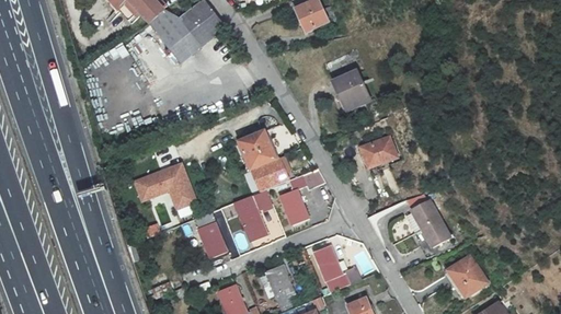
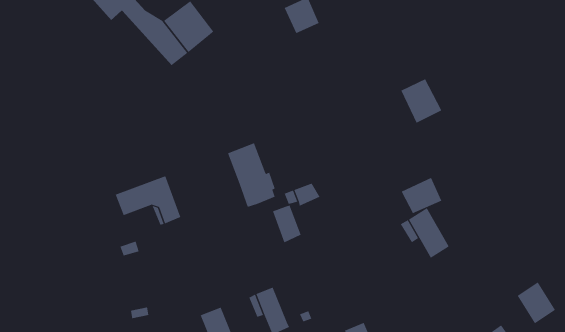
building: [334,67,373,108] -> [401,79,442,123]
building: [358,131,397,165] -> [401,177,442,214]
building: [236,189,274,242] -> none
building: [195,211,227,257] -> none
building: [314,247,359,291] -> none
building: [451,254,488,293] -> [517,282,556,324]

